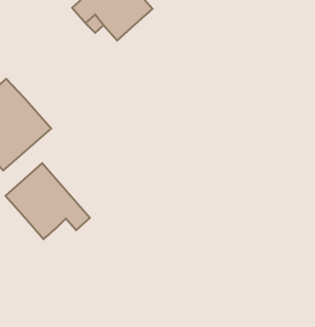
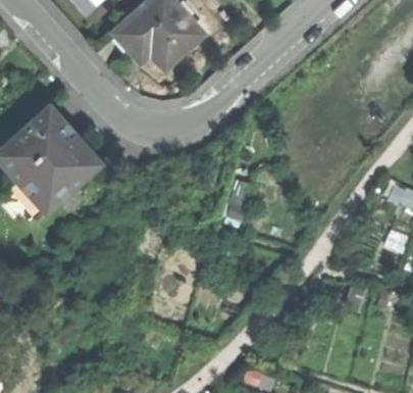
building: [6,163,90,239] -> none

